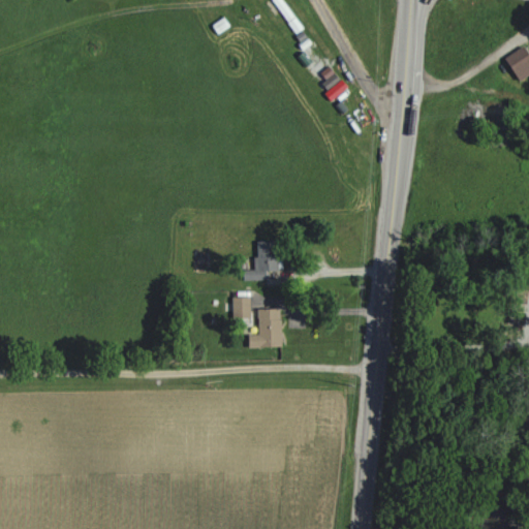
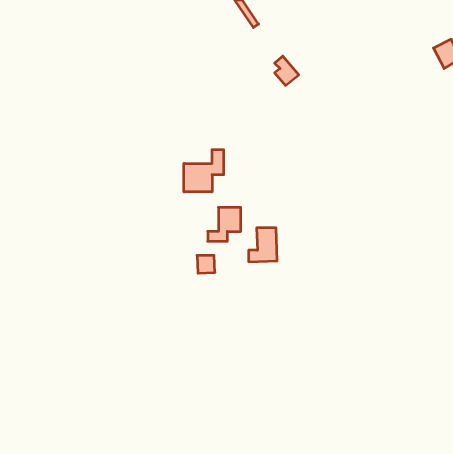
building: none -> [184,150,224,192]
building: [249,309,282,348] -> [249,228,277,262]

